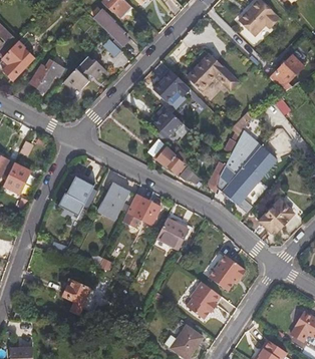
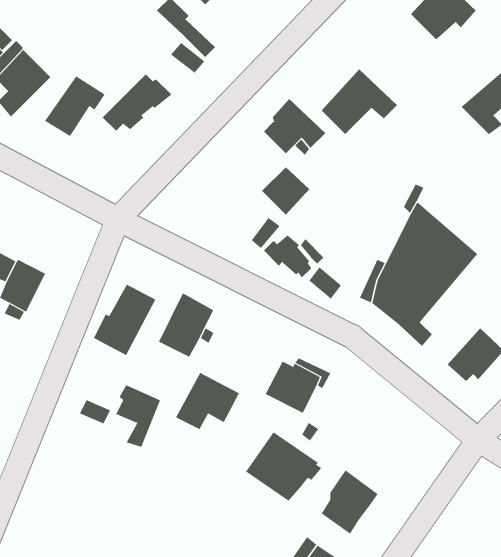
building: [122,195,160,228] -> [175,372,240,430]
building: [205,250,249,290] -> [245,431,322,501]
building: [64,280,90,316] -> [115,385,161,448]

